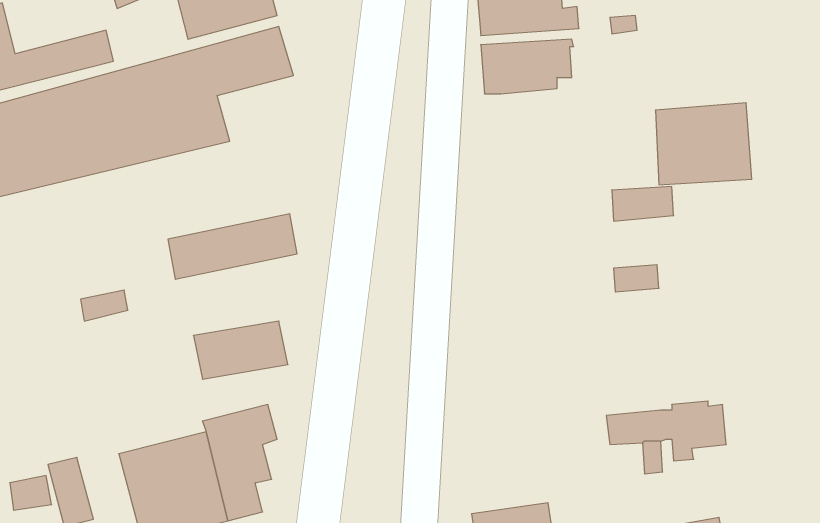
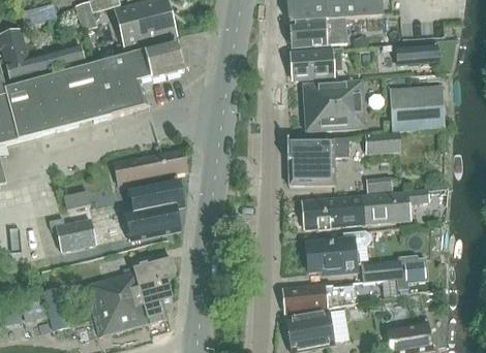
building: none -> [396,43,437,65]
building: none -> [302,79,365,131]
building: none -> [285,137,348,185]
building: none -> [130,183,184,216]
building: none -> [301,189,428,228]
building: none -> [49,218,95,252]
building: none -> [305,230,370,272]
building: none -> [282,284,357,313]

